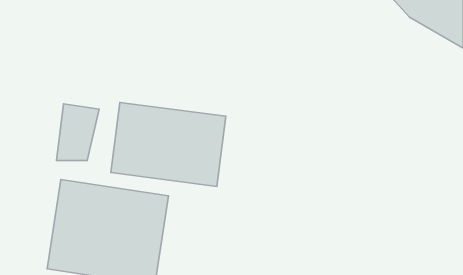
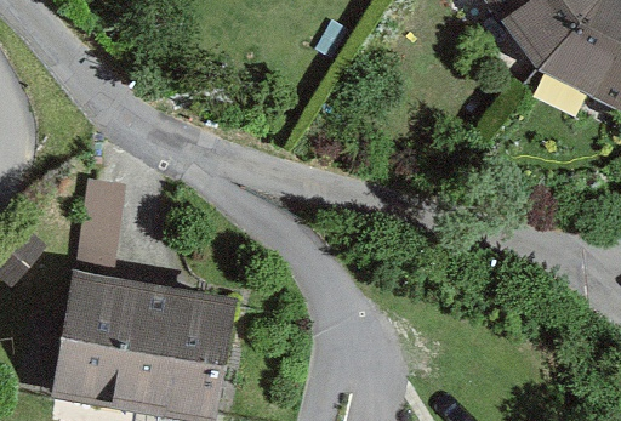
building: [111,103,226,186] -> none

